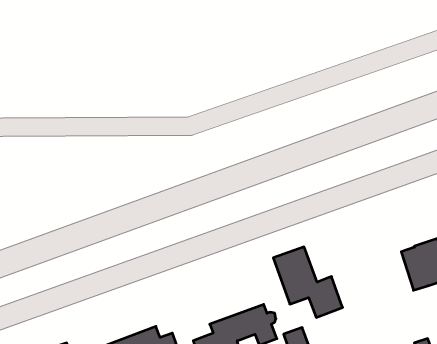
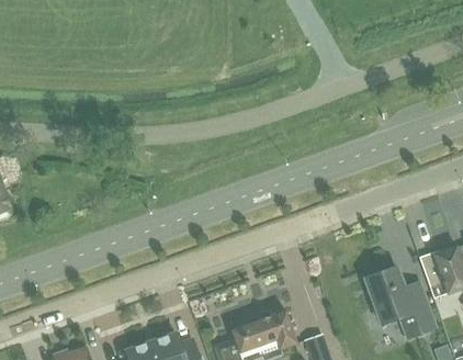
building: [273,247,343,317] -> [368,266,437,336]

